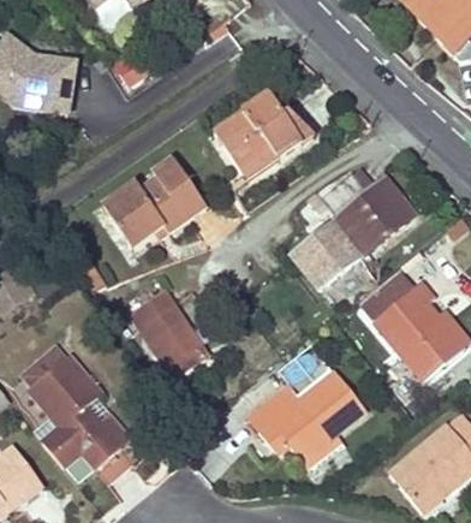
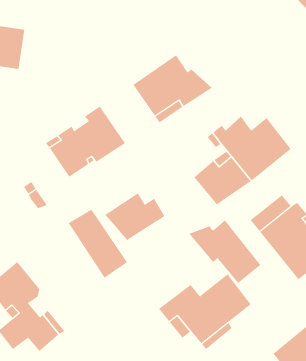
building: none -> [104,193,165,241]
building: none -> [189,219,261,284]

